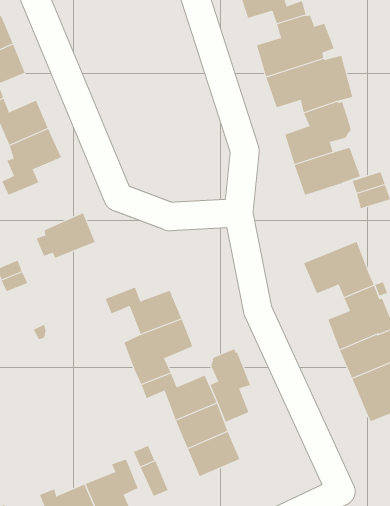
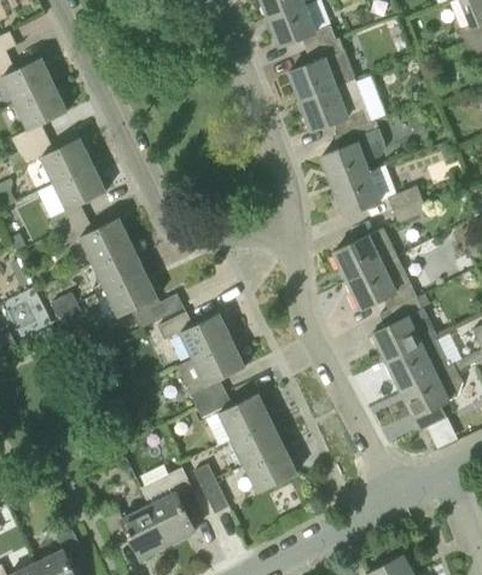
building: none -> [57,216,130,262]
building: none -> [332,228,396,279]
building: none -> [105,271,184,330]
building: [210,348,251,423] -> none

